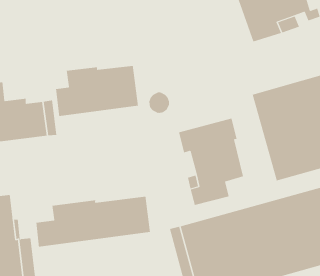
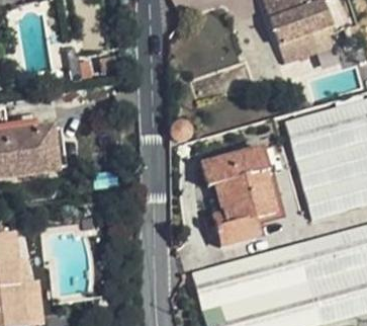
building: [56,65,138,117] -> none
building: [36,196,151,248] -> none

